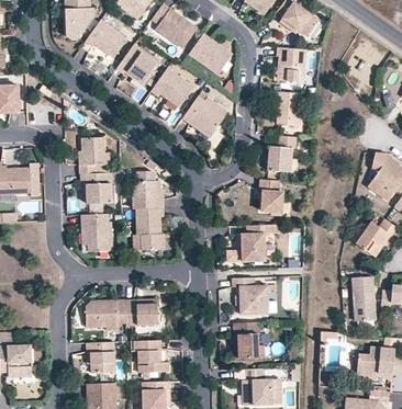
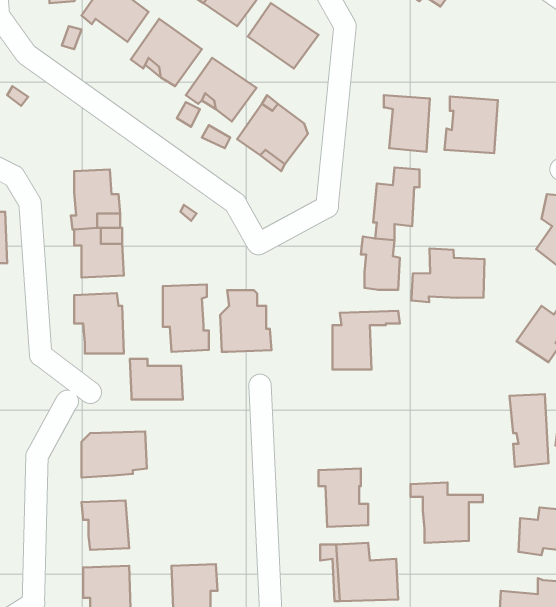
building: [273,47,306,82] -> [445,97,498,153]
building: [132,171,164,209] -> [220,290,271,352]
building: none -> [411,248,484,302]
building: [232,277,277,315] -> [410,483,483,543]
building: [125,299,158,325] -> [130,359,183,399]
building: [133,340,169,373] -> none

